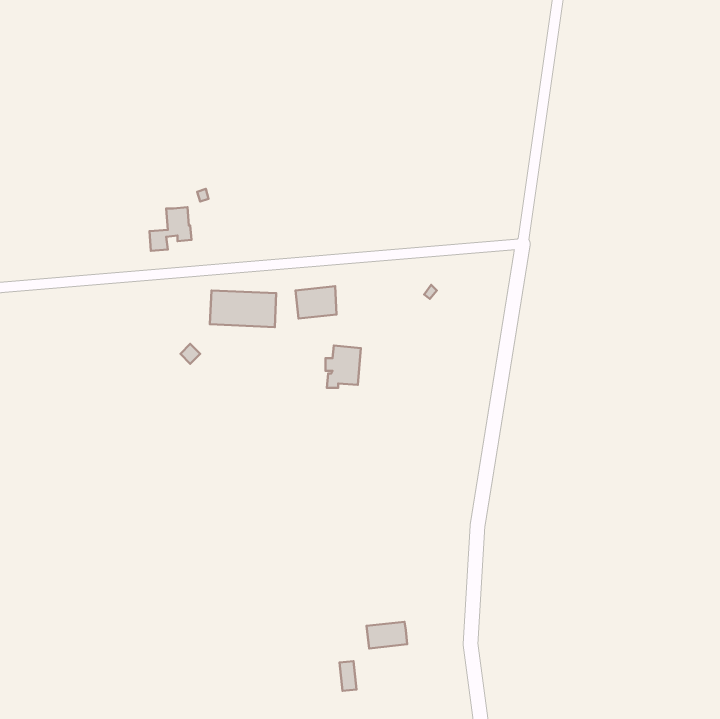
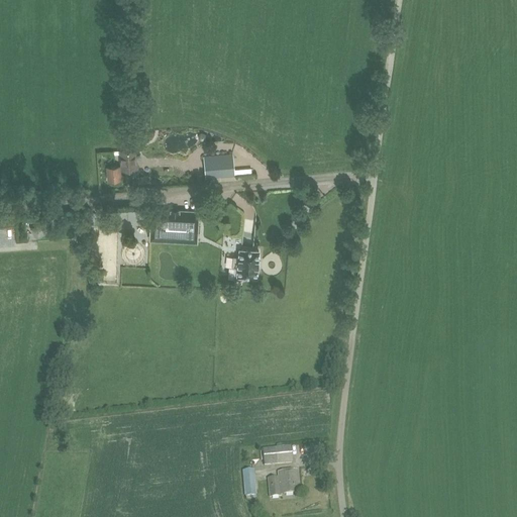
building: [296,286,336,319] -> [204,153,233,177]
building: none -> [268,470,298,496]

